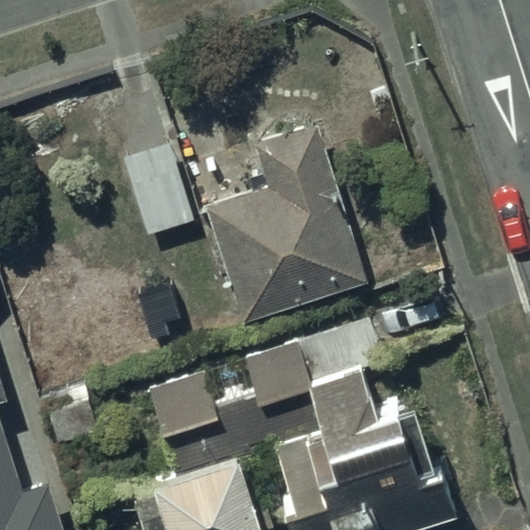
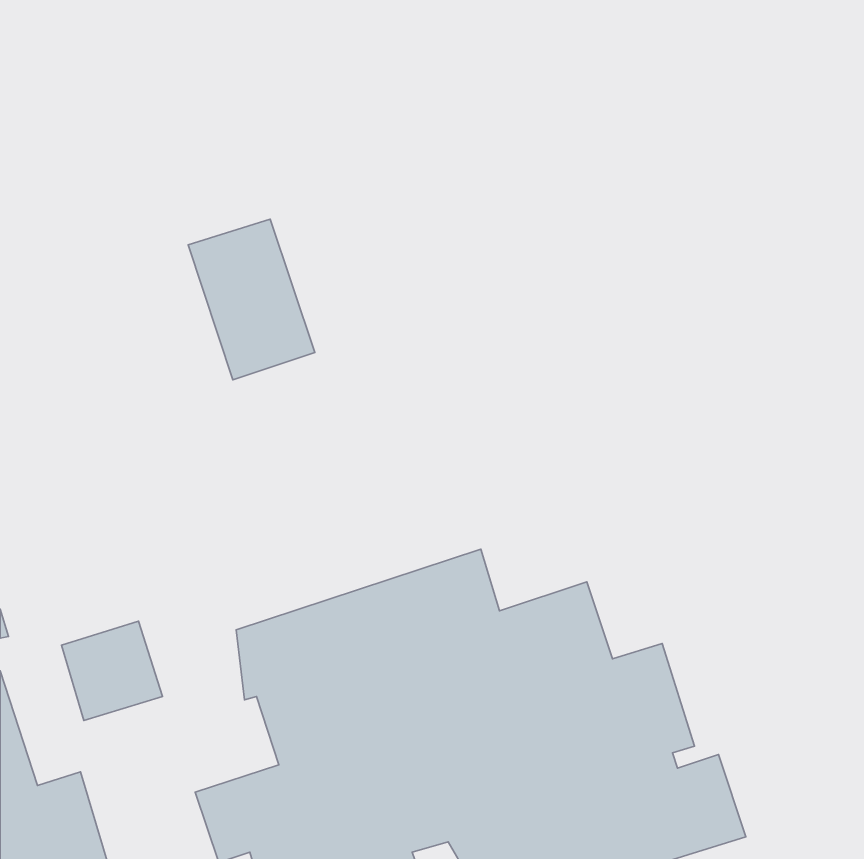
building: [205,124,365,323] -> none

